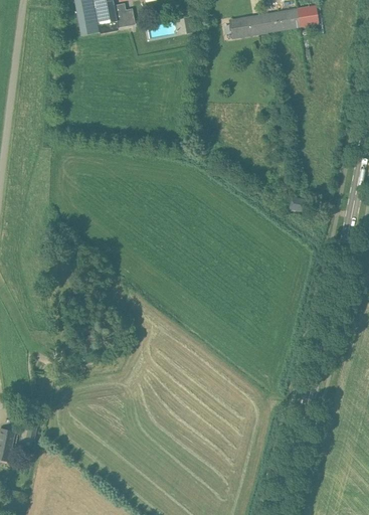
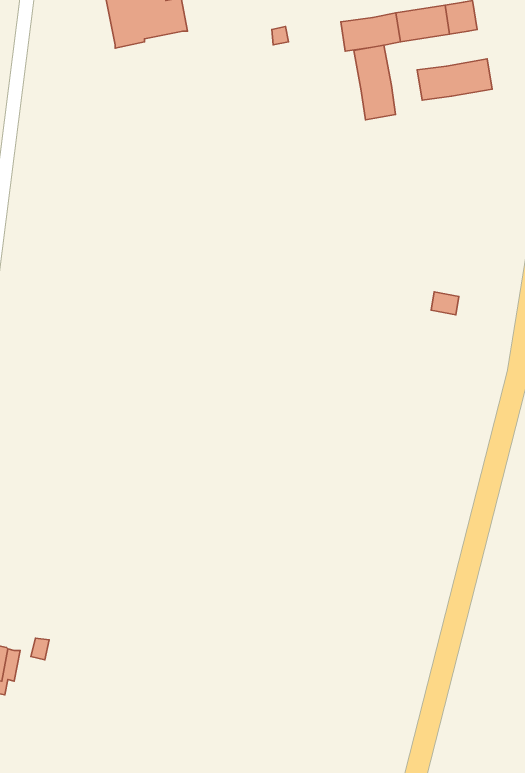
building: none -> [354,45,395,120]
building: none -> [417,59,492,100]

